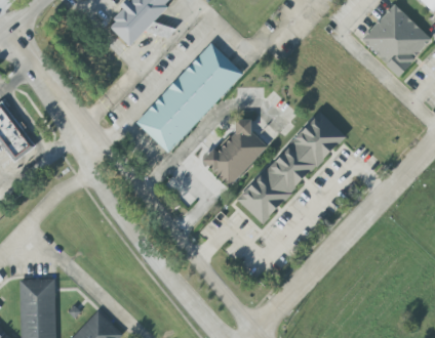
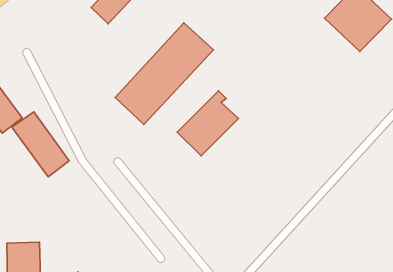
building: [236,112,345,223] -> none
building: none -> [12,112,69,177]

